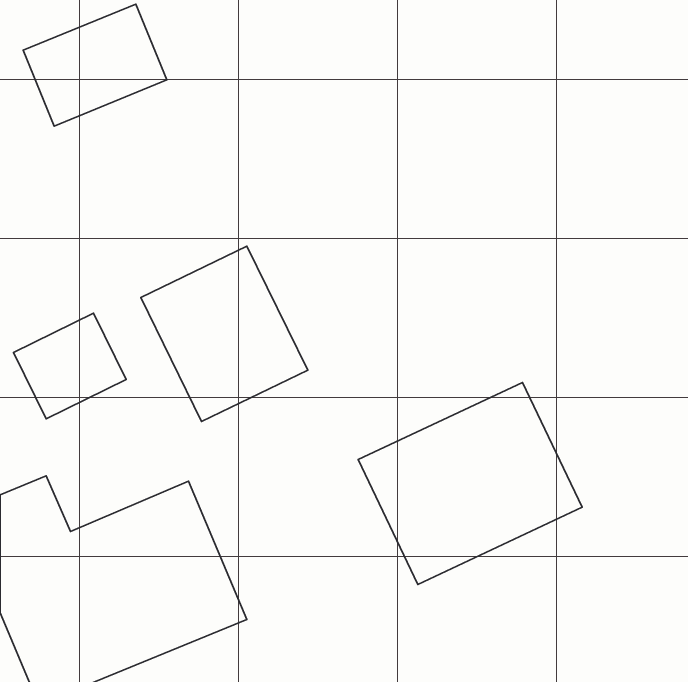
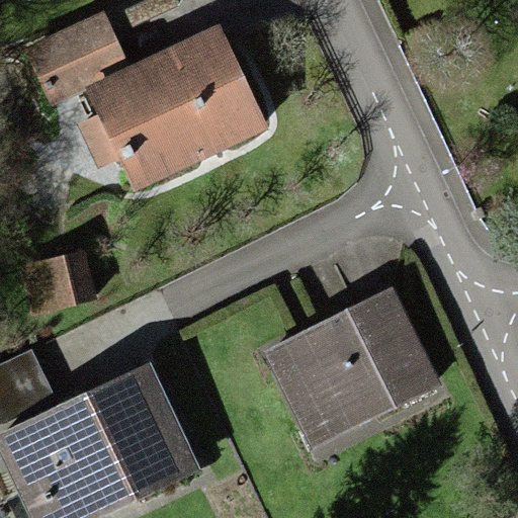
building: none -> [89,36,267,188]
building: [141,246,308,422] -> none

